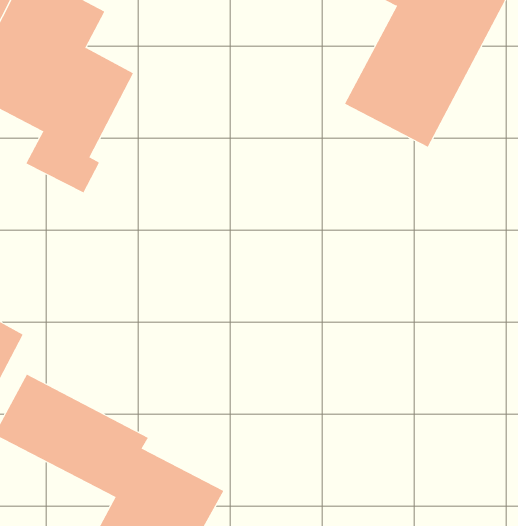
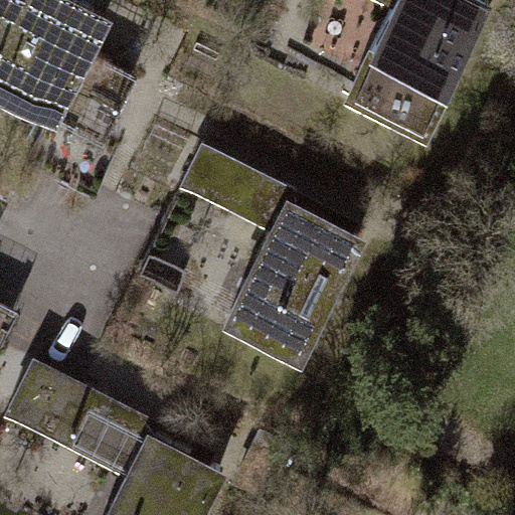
building: none -> [170,136,363,362]

